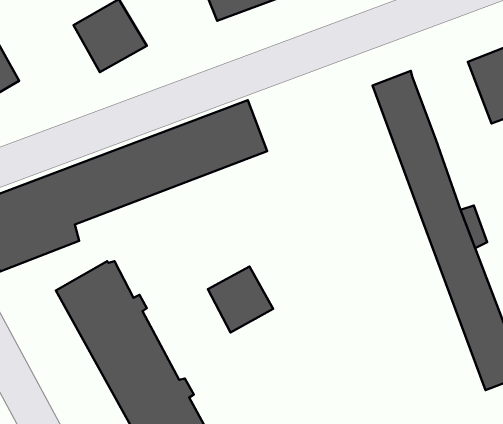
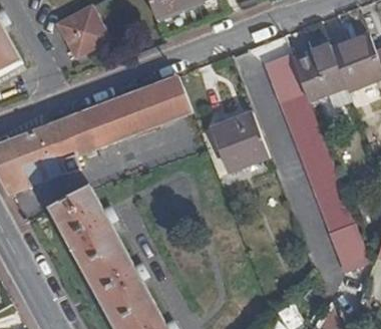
building: none -> [291,44,344,101]
building: none -> [213,112,269,170]
building: [208,267,273,332] -> none

